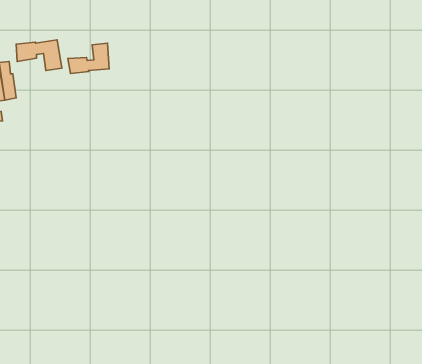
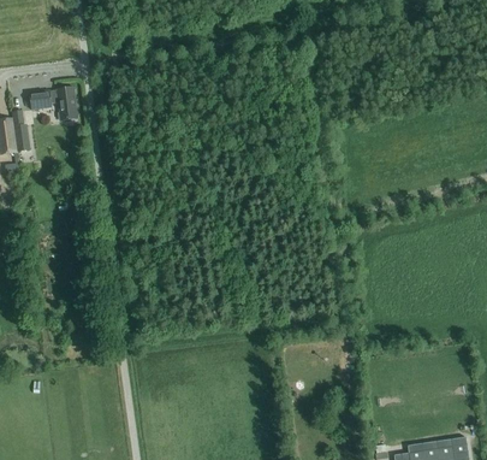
building: [68,43,109,74] -> none

